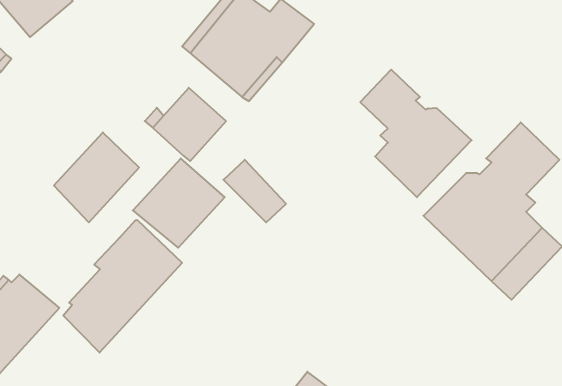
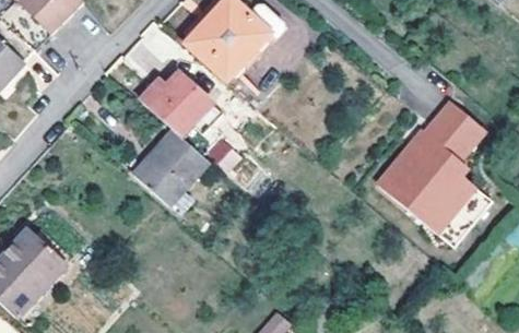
building: [360,70,472,197] -> none
building: [54,132,139,222] -> none
building: [63,220,182,353] -> none

